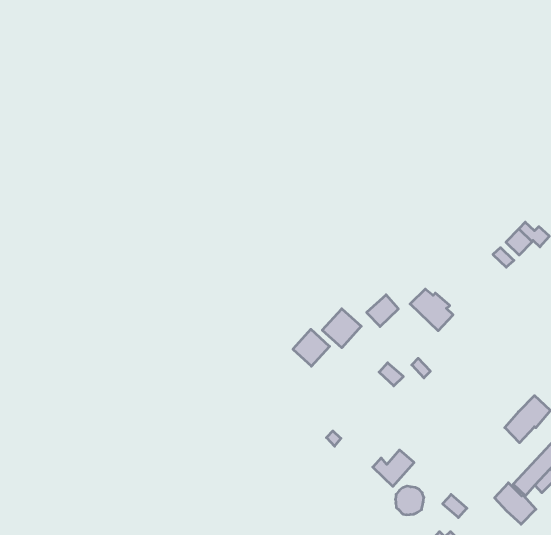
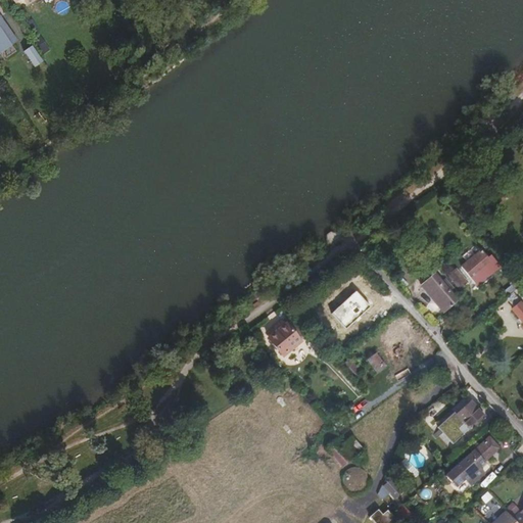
building: [410,289,453,331] -> [421,276,457,313]
building: [322,309,361,348] -> none
building: [495,483,536,524] -> none

